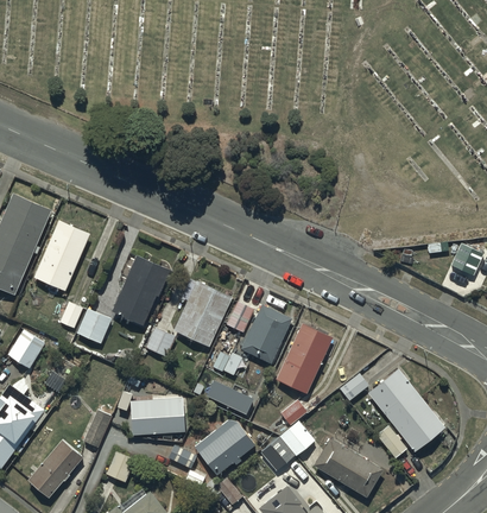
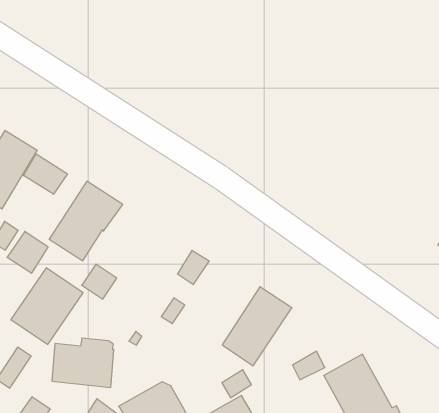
building: none -> [23,154,67,194]
building: [172,280,232,347] -> [11,268,83,344]
building: [240,306,291,363] -> none
building: [208,378,254,411] -> none

